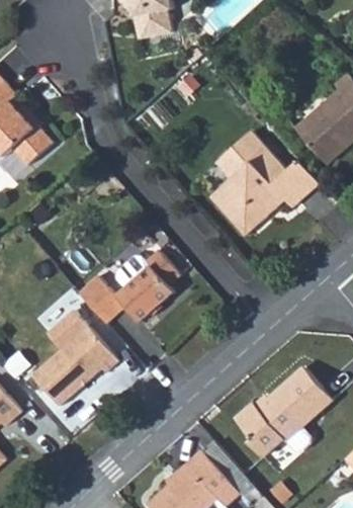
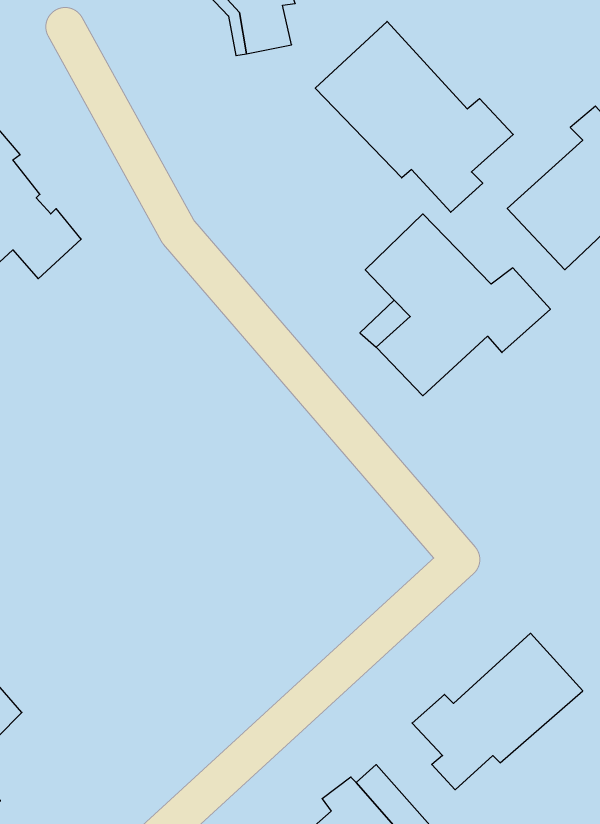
building: none -> [315,21,513,212]
building: [83,255,186,332] -> none
building: [28,322,115,400] -> none

